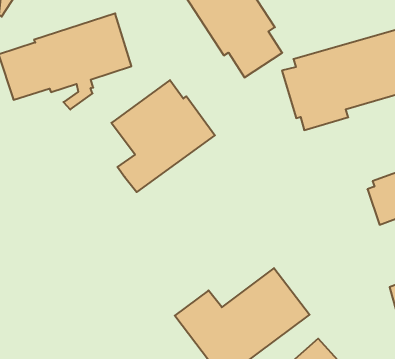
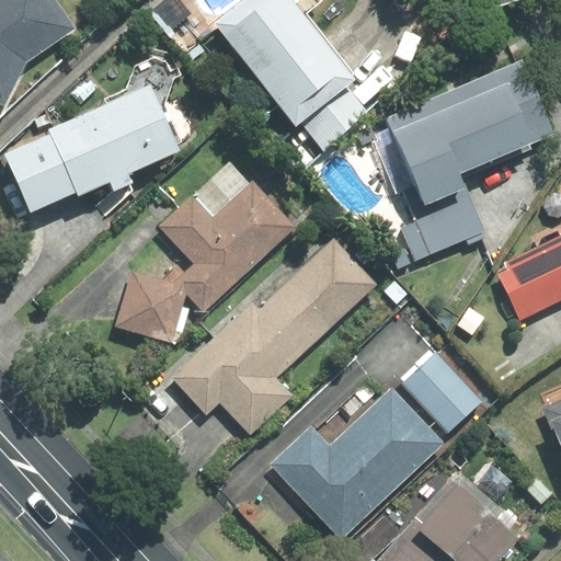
building: none -> [401,184,484,261]
building: none -> [173,241,374,433]
building: none -> [115,270,186,342]
building: none -> [404,353,481,431]

